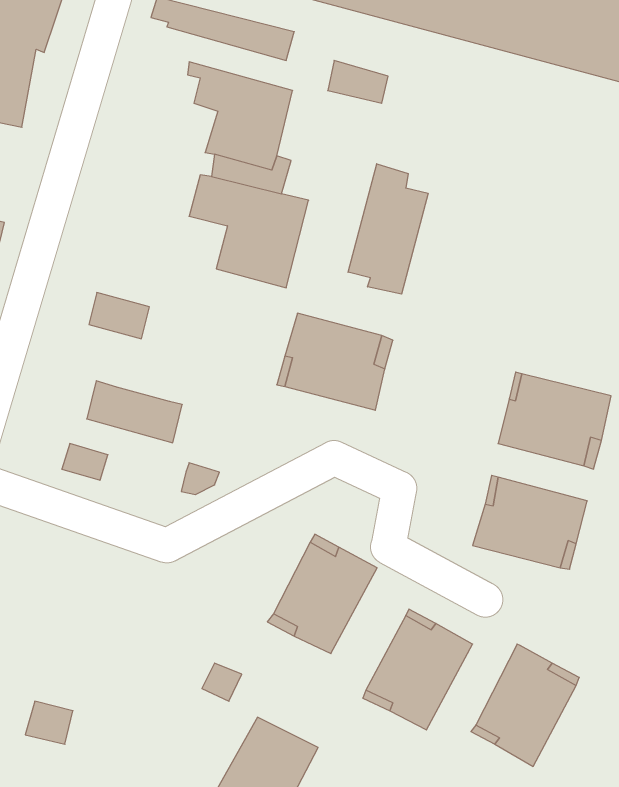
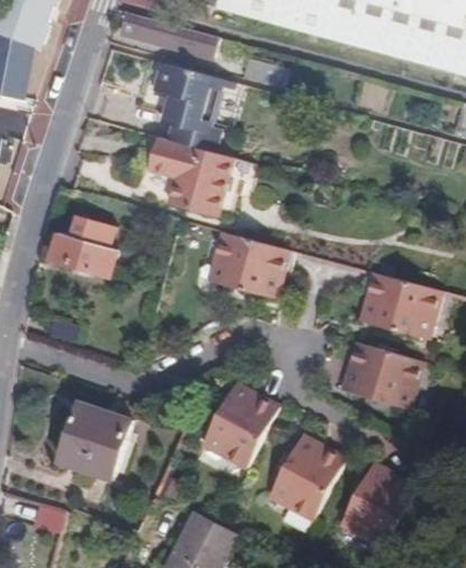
building: [348,164,428,294] -> none
building: [87,381,182,443] -> [54,234,121,277]
building: none -> [57,403,130,480]

